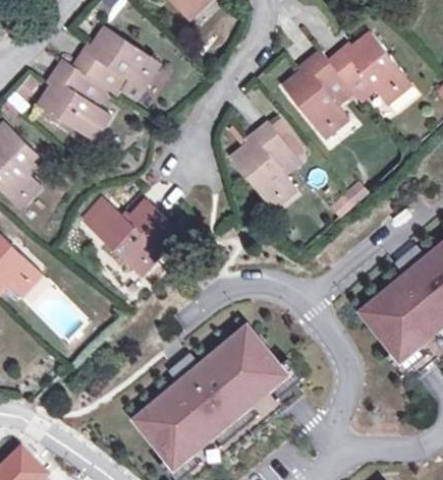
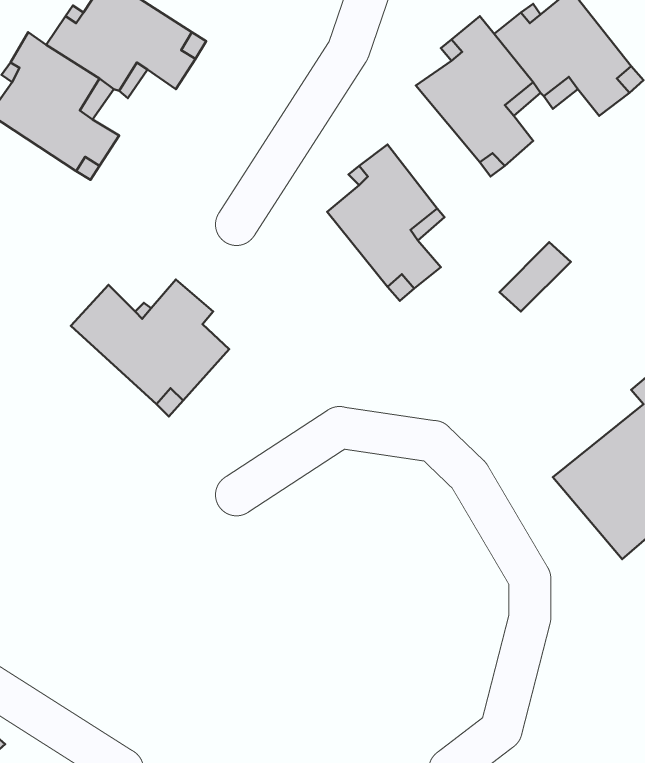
building: [133,326,284,466] -> none

